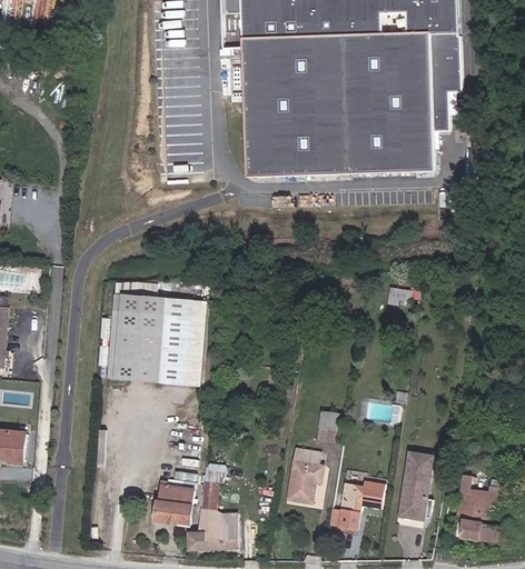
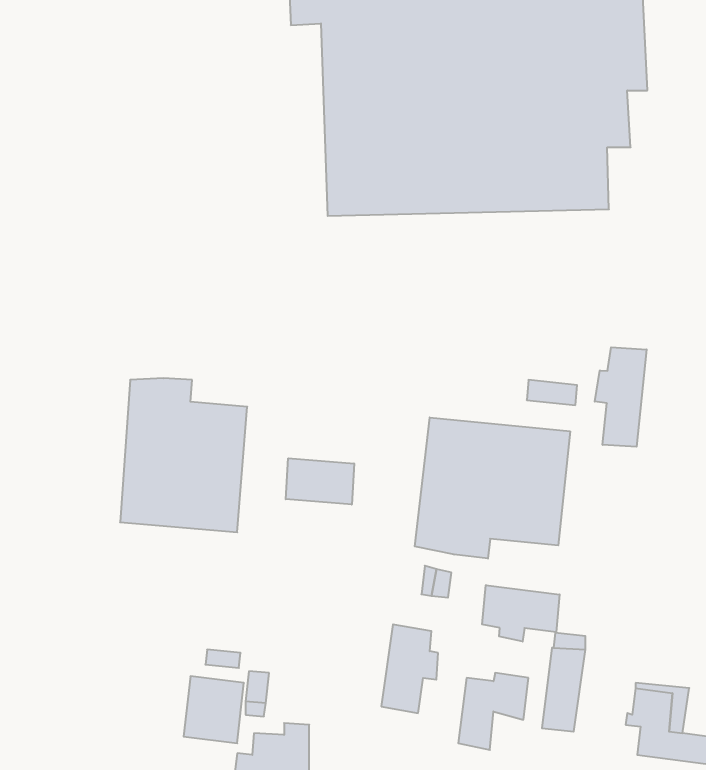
building: none -> [595,347,647,447]
building: none -> [415,417,570,559]
building: none -> [286,458,354,505]
building: none -> [482,585,560,642]

